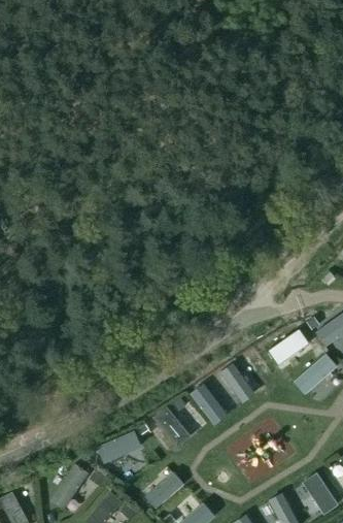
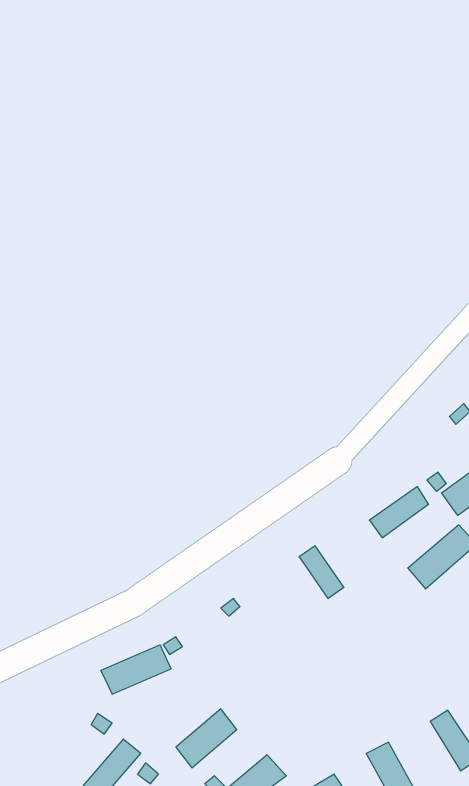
building: [190,384,228,426] -> none
building: [152,406,192,448] -> none
building: [49,464,89,510] -> none

